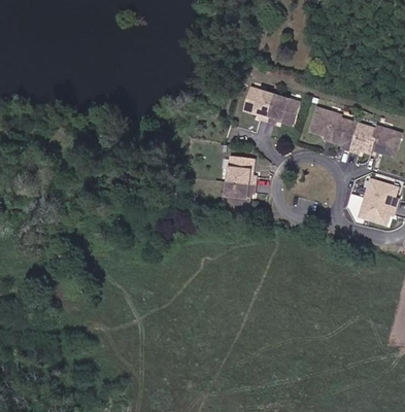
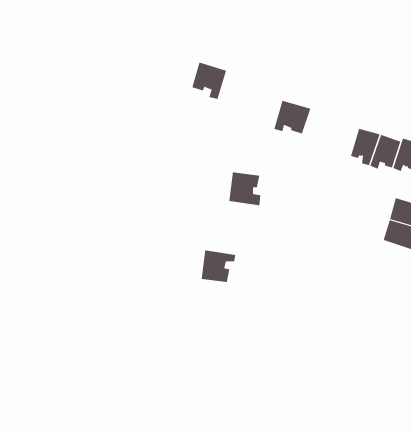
building: [244,87,274,118] -> [191,62,227,100]
building: [310,107,340,141] -> none
building: [226,179,256,207] -> [201,250,236,283]

